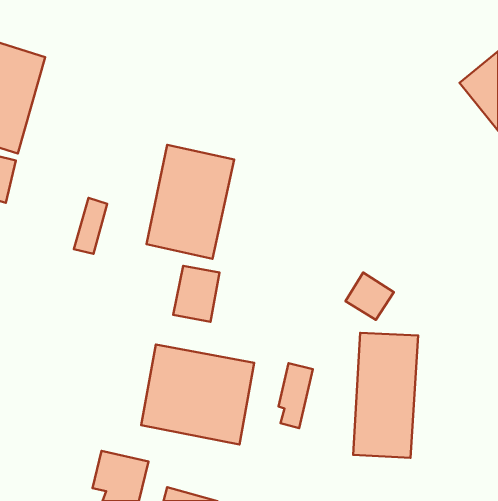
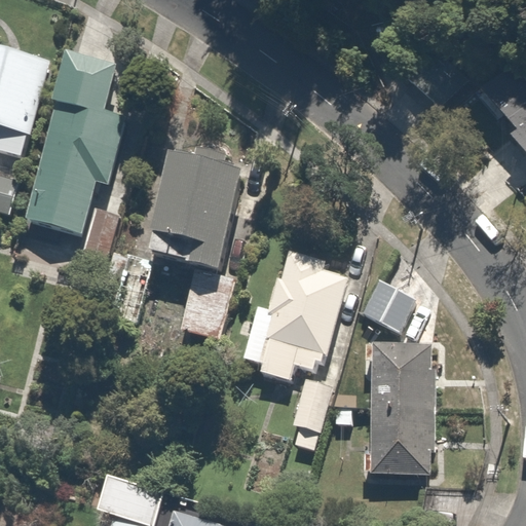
building: none -> [25,53,133,237]
building: none -> [239,250,345,379]
building: [141,345,254,444] -> none

